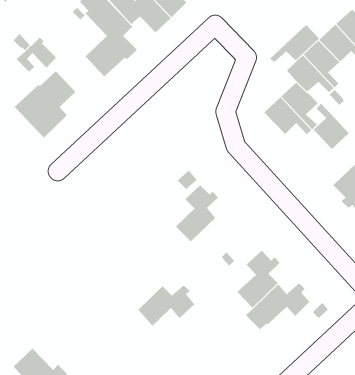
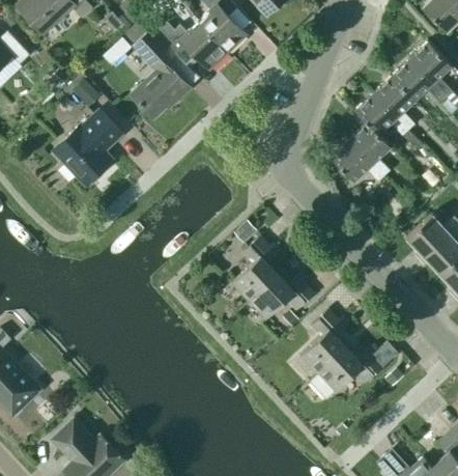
building: [270,24,320,63] -> none
building: [313,103,350,150] -> none
building: [137,285,195,327] -> [250,274,314,320]

